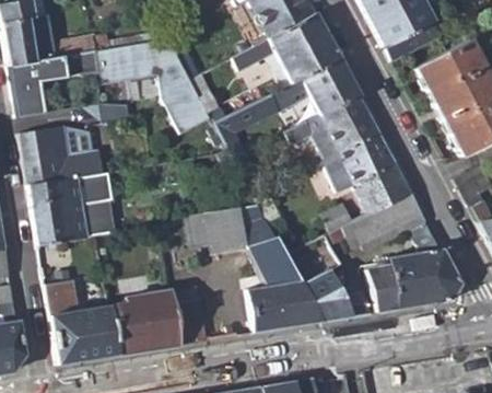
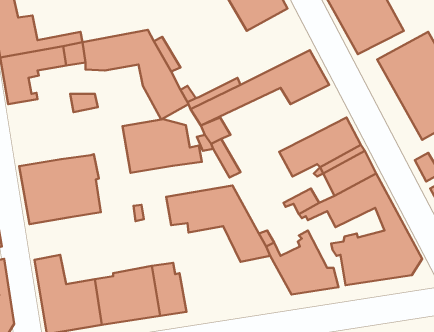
building: [233,14,339,83] -> none
building: [300,96,378,152] -> none
building: [19,126,104,184] -> [122,119,202,173]
building: [247,280,319,332] -> none

